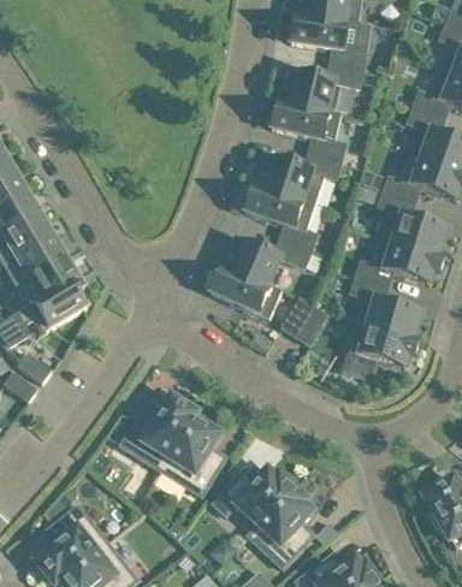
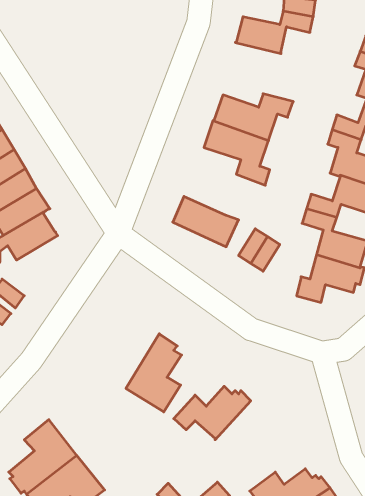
building: [272,97,345,161] -> none
building: [224,237,312,284] -> none
building: [120,396,197,470] -> none
building: [248,484,313,568] -> none

